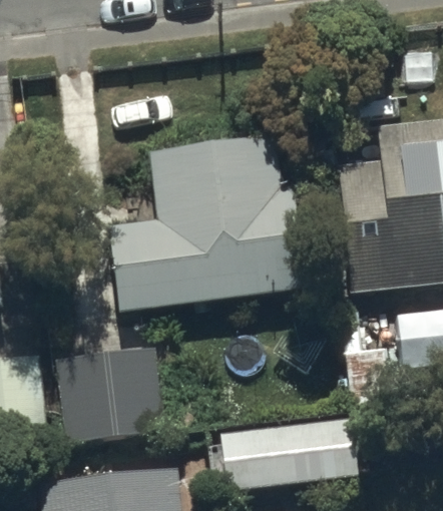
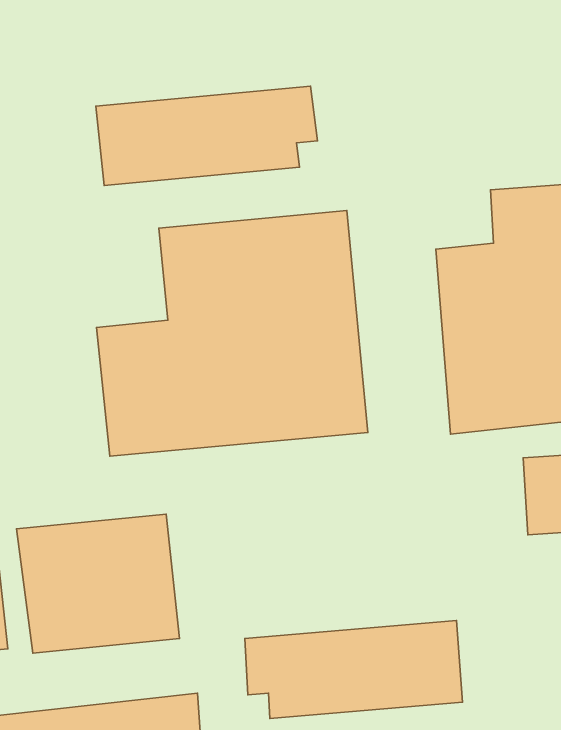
building: none -> [96,86,317,185]

